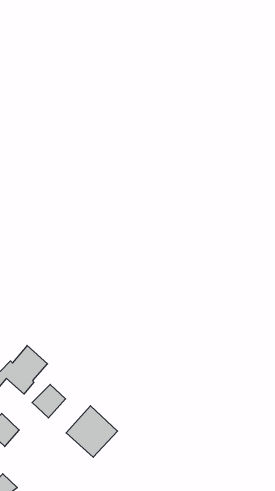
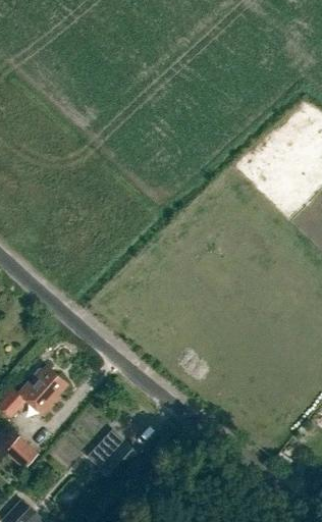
building: [32,384,66,418] -> none

